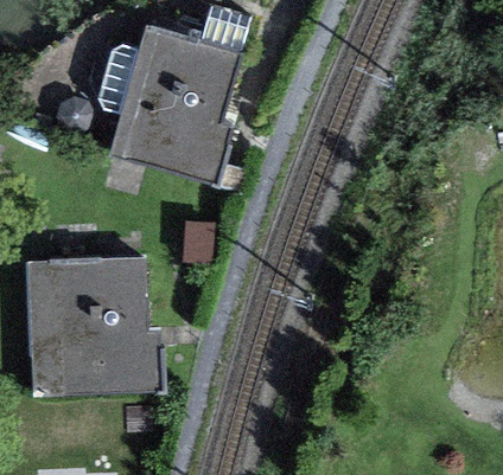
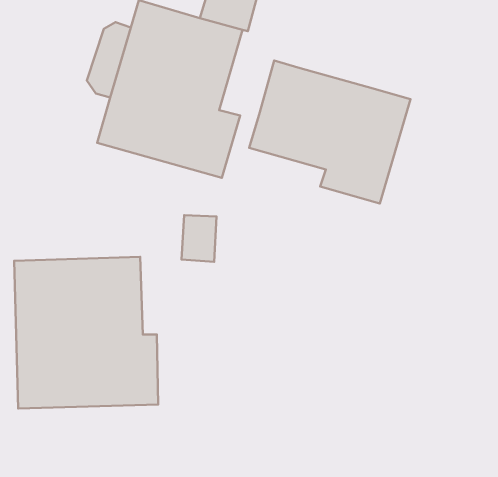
building: none -> [249,61,410,204]

